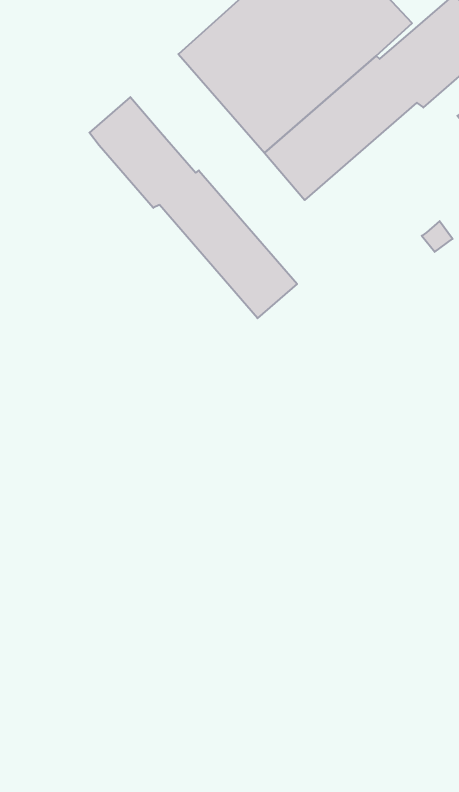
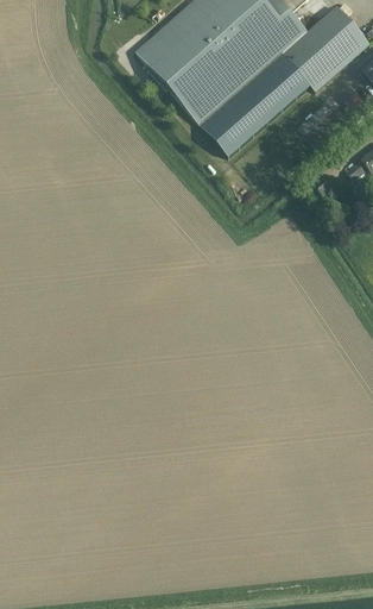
building: [89,97,297,318] -> none

